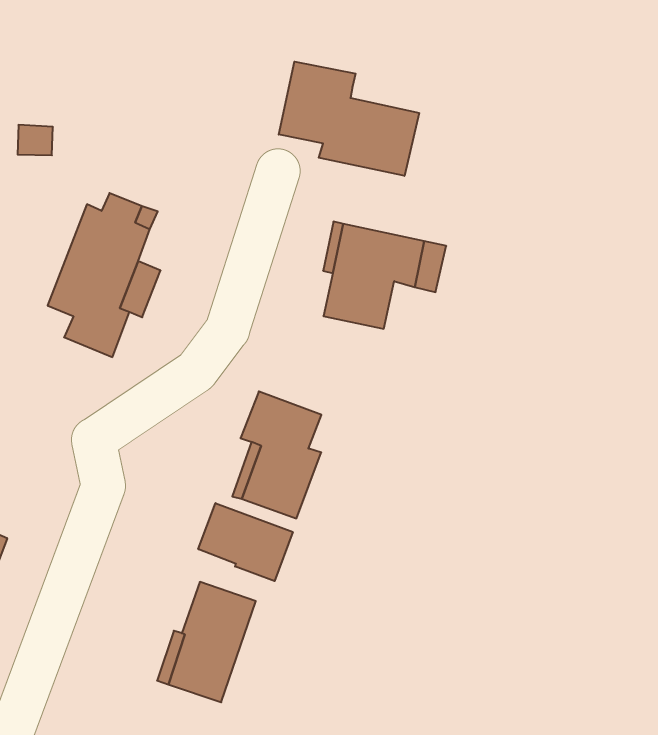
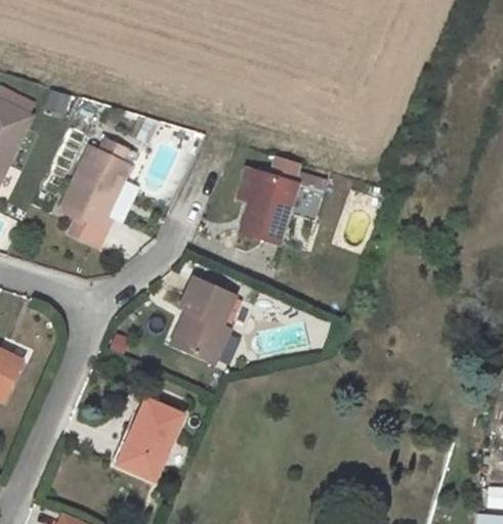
building: [279,62,419,176] -> none
building: [198,503,293,581] -> none

